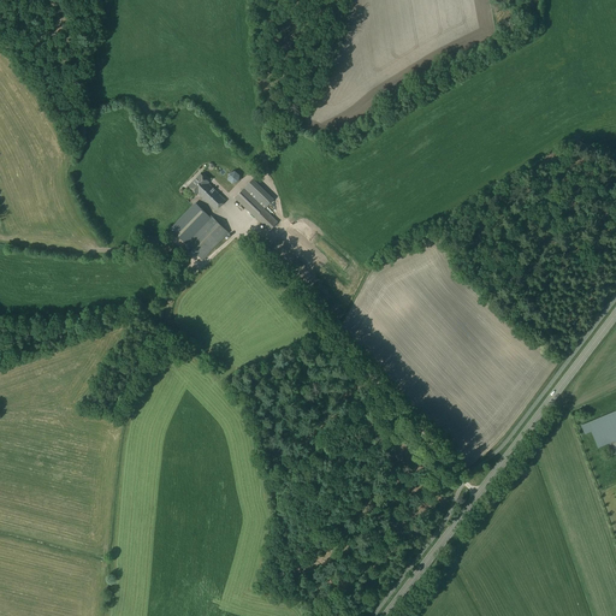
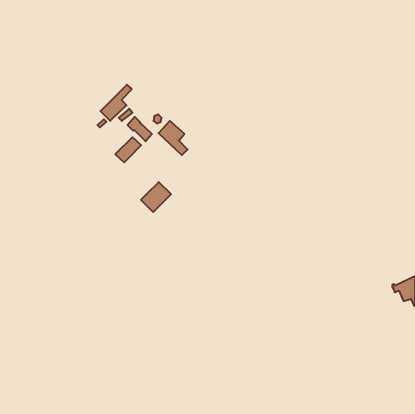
building: none -> [100,85,132,121]
building: [184,214,229,259] -> [141,182,171,212]

